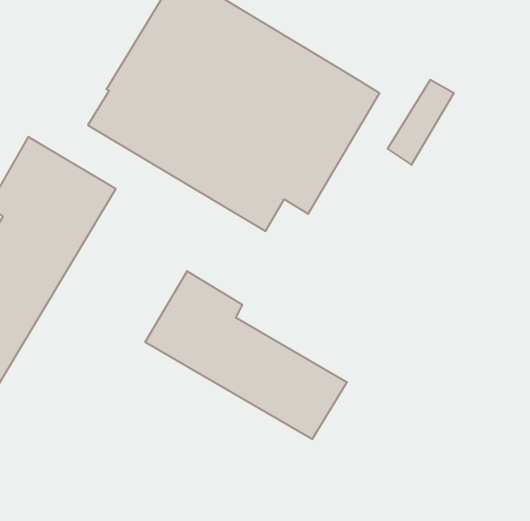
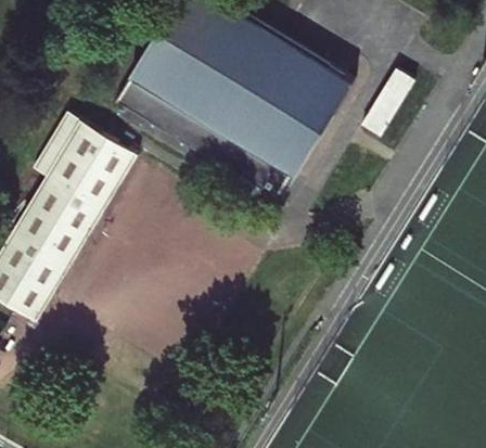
building: [145,271,347,439] -> none

